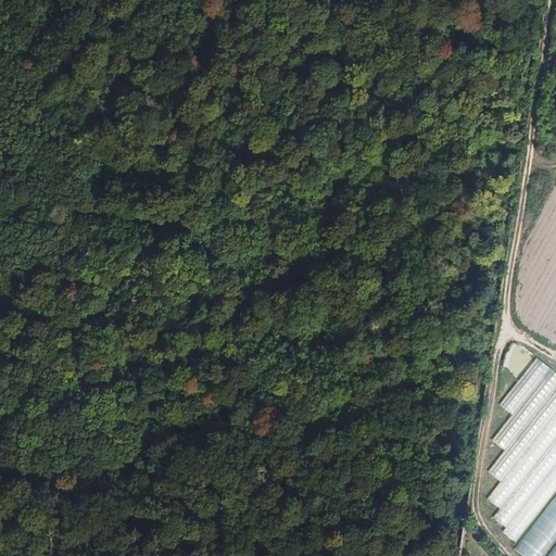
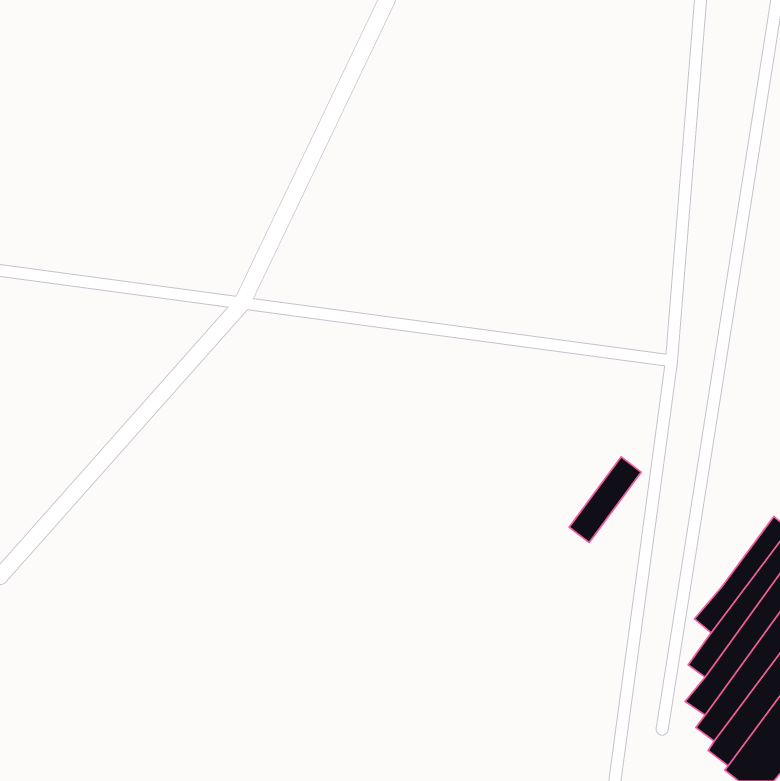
building: [500,356,551,417] -> [569,457,641,542]

